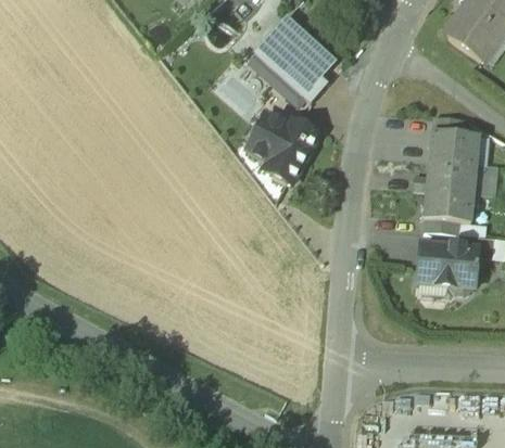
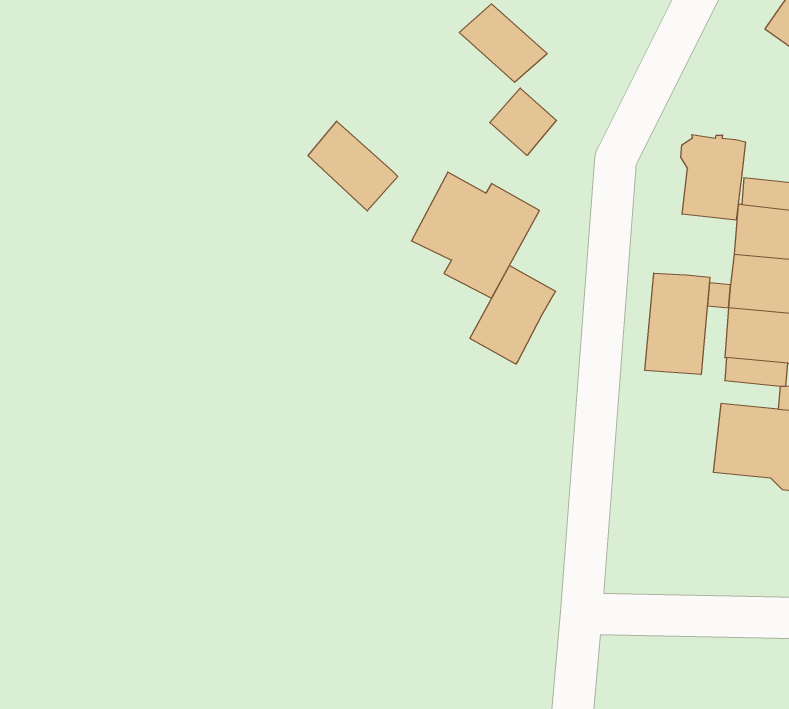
building: [256,33,307,84] -> [308,121,398,211]
building: none -> [681,135,746,220]
building: none -> [470,265,556,364]
building: none -> [645,273,710,375]

